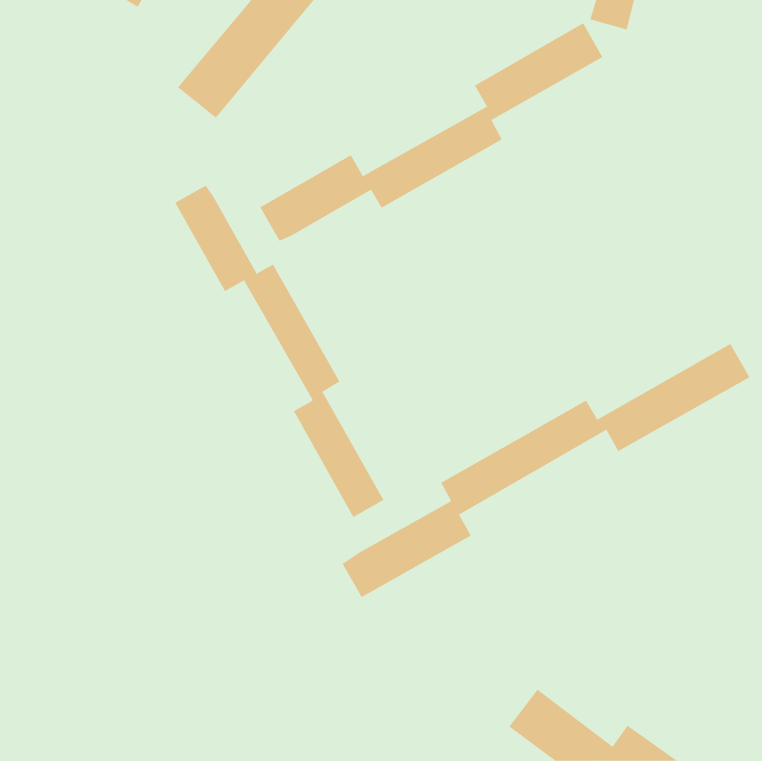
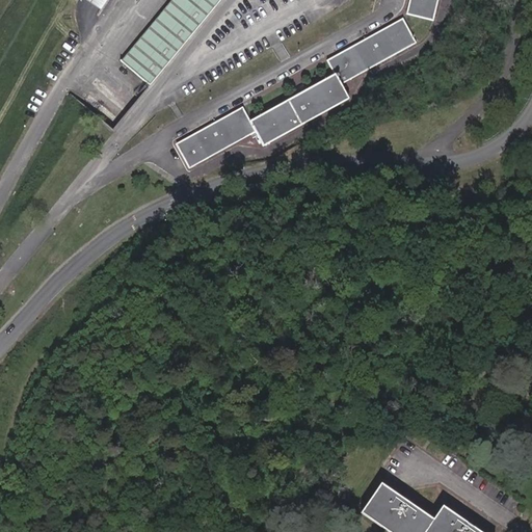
building: [175,185,384,518] -> none
building: [342,343,750,598] -> none

